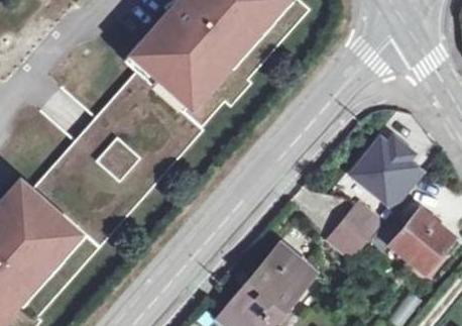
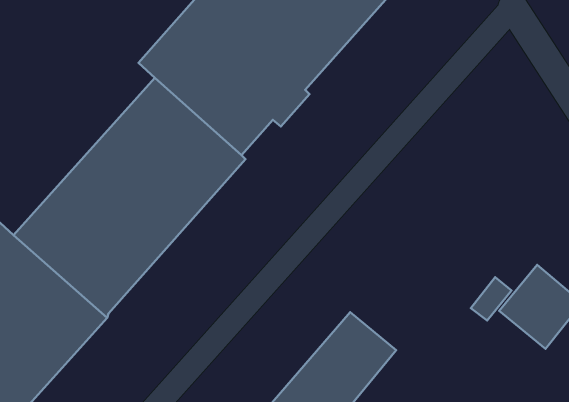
building: [352,133,422,205] -> none
building: [329,202,381,256] -> none

